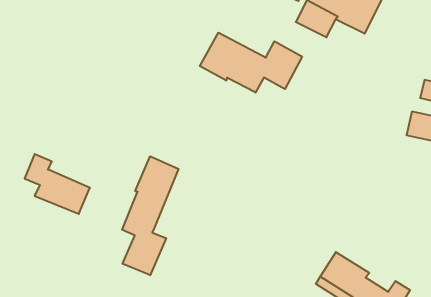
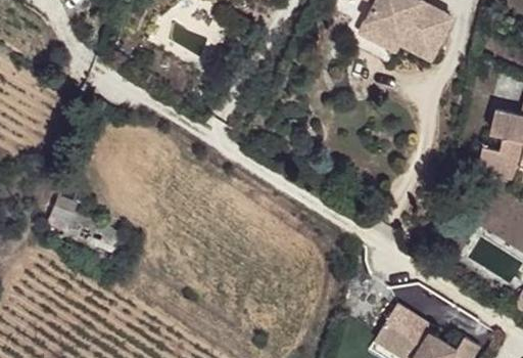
building: [200,33,302,93] -> none
building: [122,156,179,275] -> none

